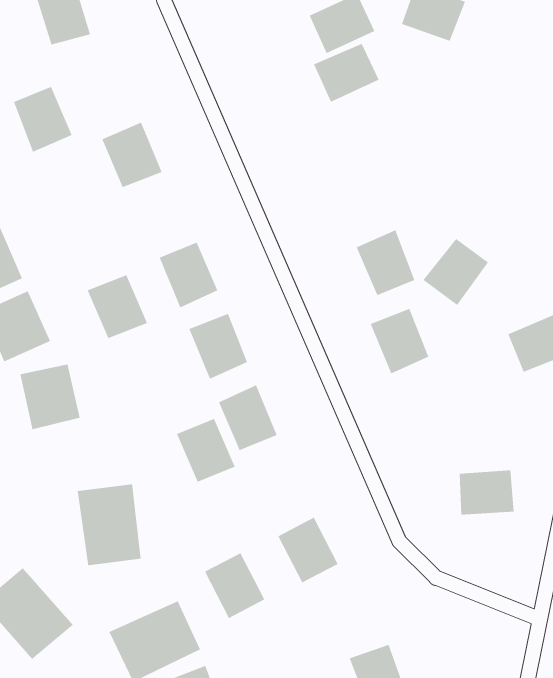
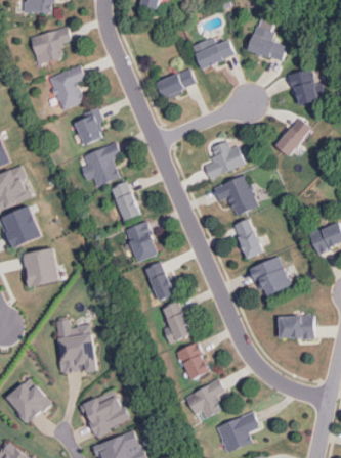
building: [313,43,379,102] -> [155,67,194,102]
building: none -> [288,70,321,106]
building: [13,86,73,152] -> [49,71,84,109]
building: none -> [205,140,240,178]
building: [423,238,489,306] -> [273,118,312,157]
building: [87,274,148,339] -> [83,146,119,184]
building: none -> [255,258,290,296]
building: [176,418,235,483] -> [159,302,194,339]
building: [204,552,265,619] -> [185,383,221,422]

